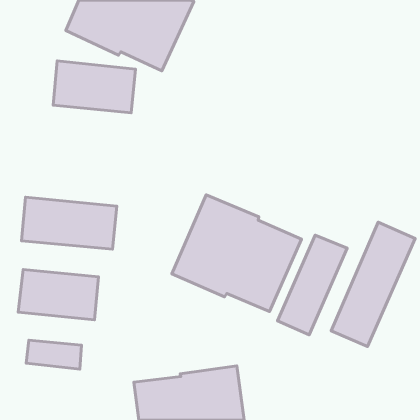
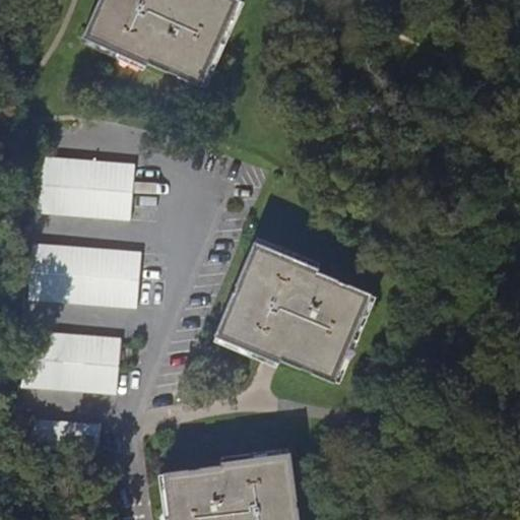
building: [53,61,135,113] -> [35,156,136,220]
building: [331,222,415,347] -> none
building: [278,235,347,335] -> none

